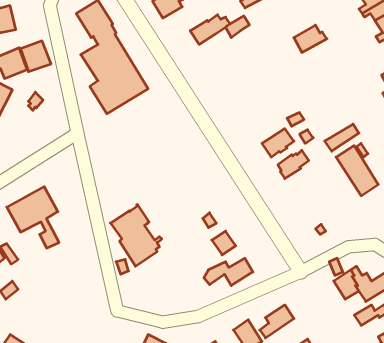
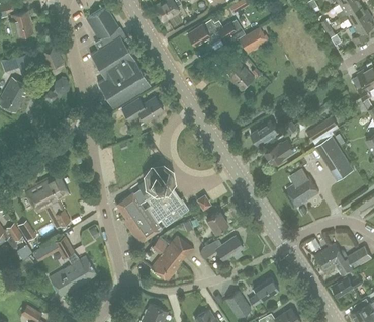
building: [294,25,327,52] -> [241,27,270,52]
building: none -> [221,57,255,90]
building: none -> [122,96,164,122]
building: none -> [141,169,188,224]
building: none -> [286,174,319,206]
building: none -> [32,234,75,258]
building: none -> [152,235,194,280]
building: none -> [50,256,97,297]

